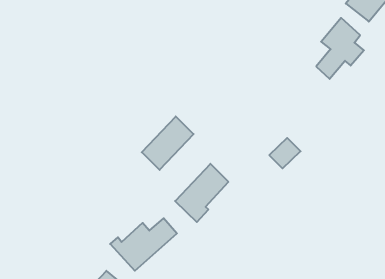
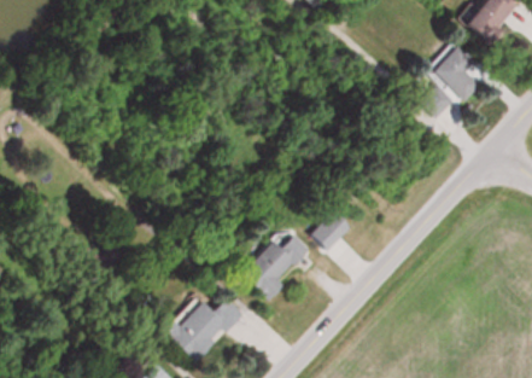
building: [142,116,194,170] -> none
building: [269,138,301,168] -> [310,211,350,250]

